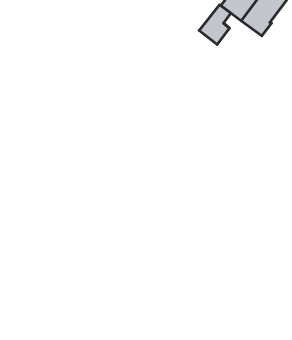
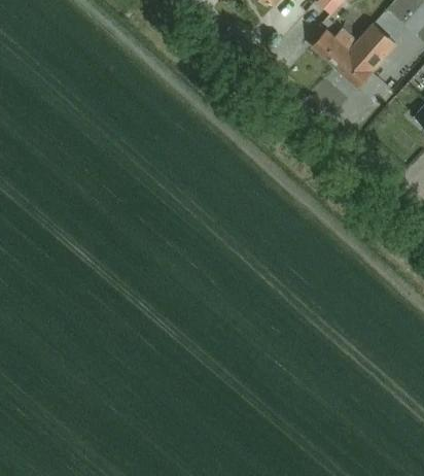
building: [199,5,231,44] -> none

